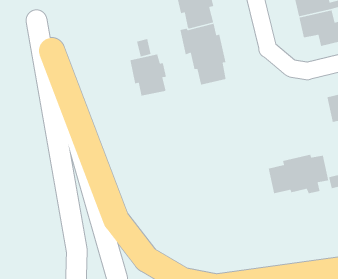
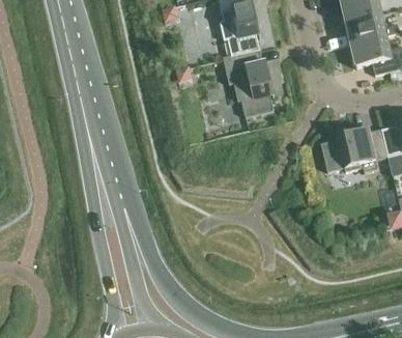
building: [129,54,167,96] -> none
building: [268,154,329,194] -> [321,128,387,171]

